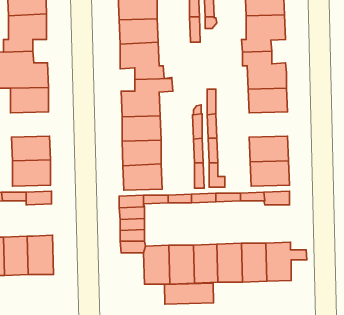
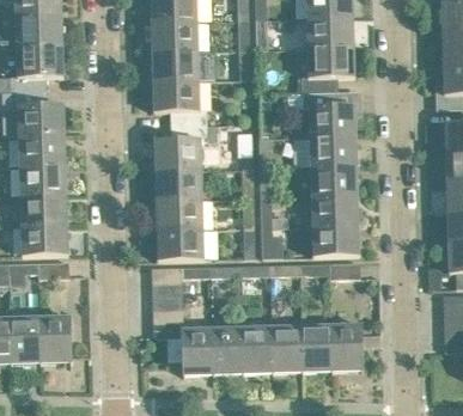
building: none -> [19,164,67,195]
building: none -> [311,164,358,195]
building: [165,283,213,304] -> none

